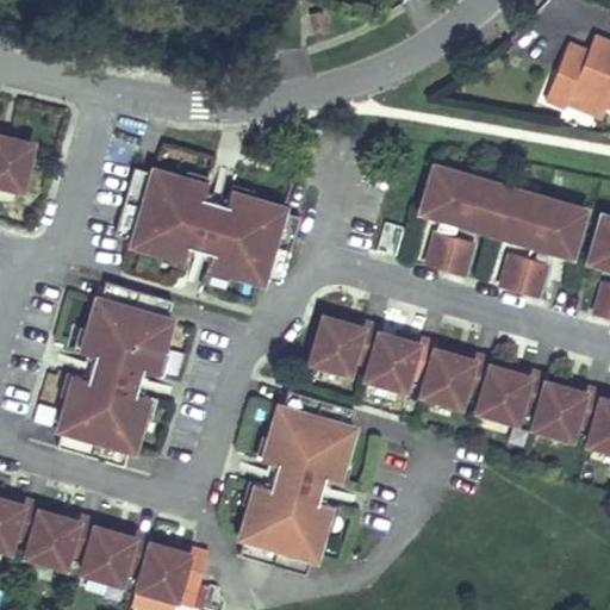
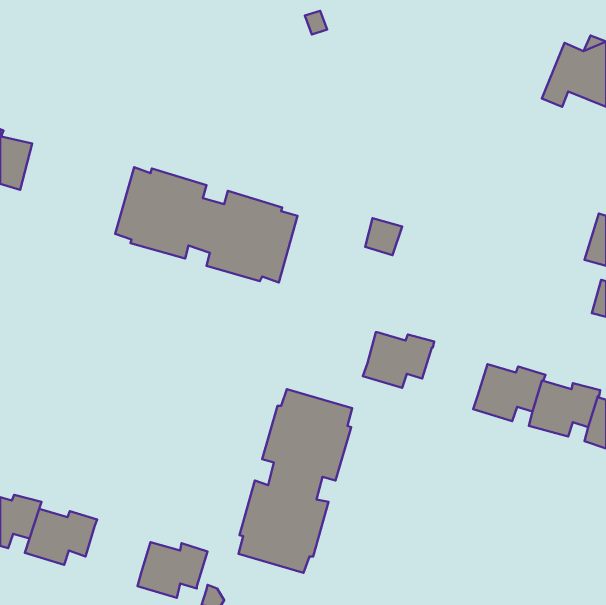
building: [419,167,584,256] -> none
building: [427,232,472,278] -> none
building: [500,255,546,299] -> none
building: [57,284,172,468] -> none
building: [310,318,381,375] -> none
building: [421,350,492,407] -> none
building: [81,529,154,585] -> none

